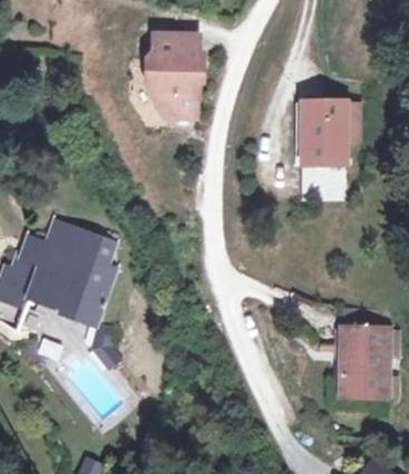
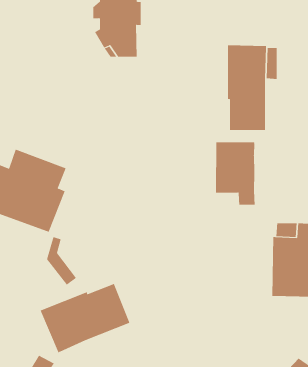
building: none -> [215,141,255,206]
building: none -> [40,283,130,353]

